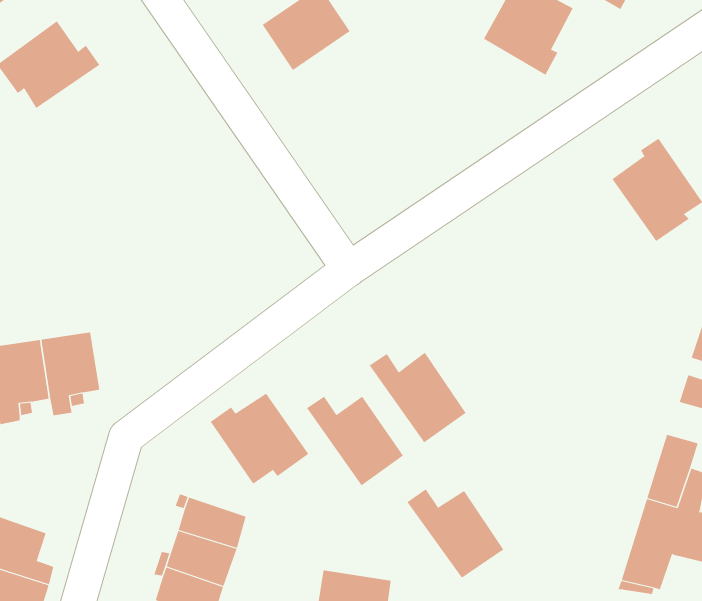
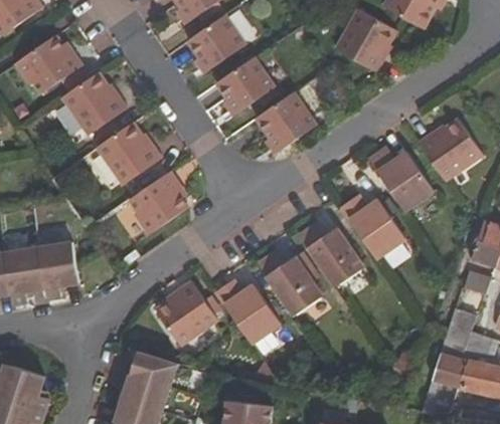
building: none -> [217,57,275,113]
building: none -> [61,74,127,136]
building: none -> [256,91,316,150]
building: none -> [96,124,161,186]
building: none -> [369,151,434,210]
building: none -> [131,172,189,236]
building: none -> [341,199,405,259]
building: [406,489,504,579] -> [299,227,363,286]

